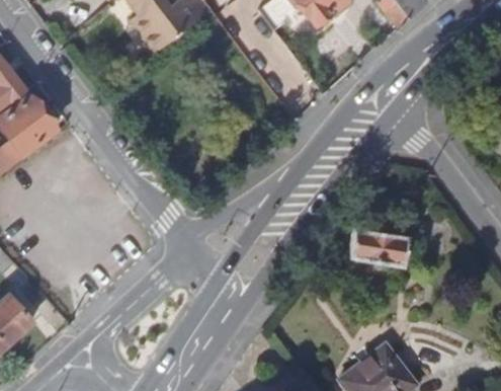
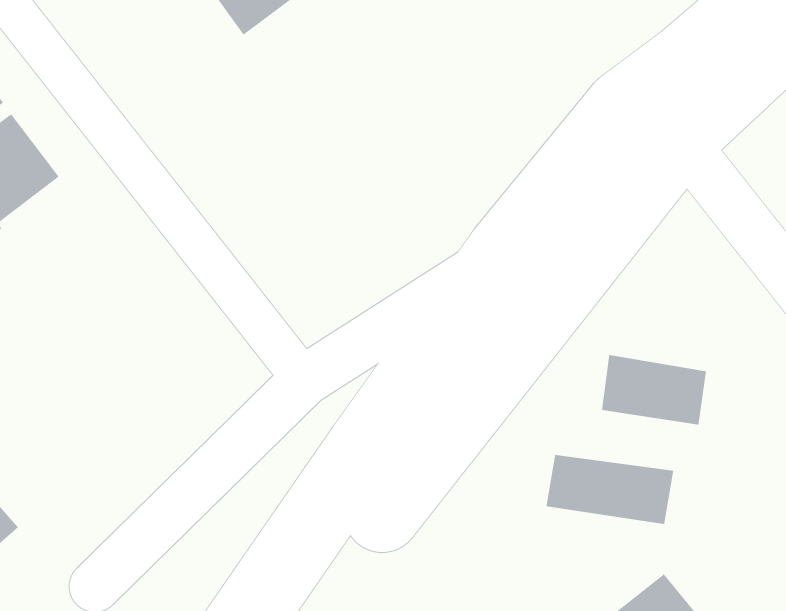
building: none -> [546,454,674,525]

